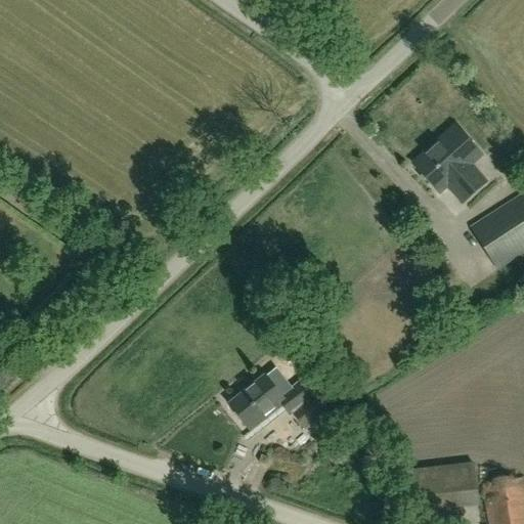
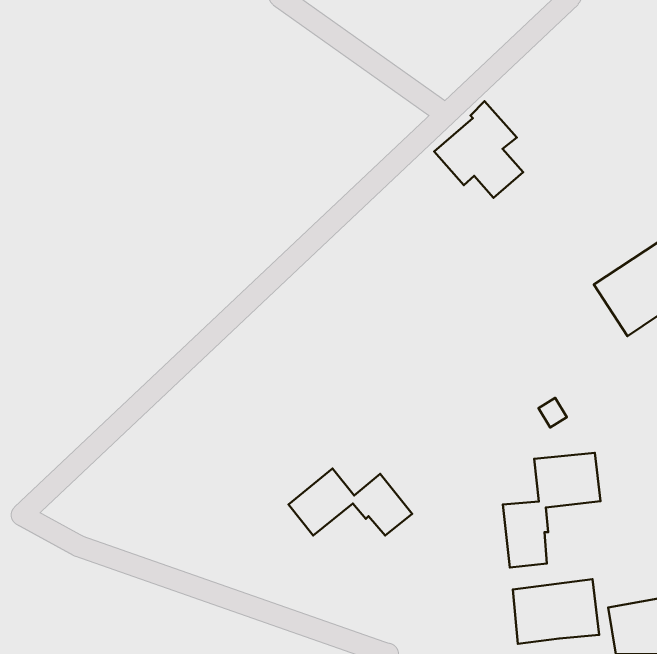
building: [417,124,487,201] -> [434,101,523,198]
building: none -> [503,453,601,568]

